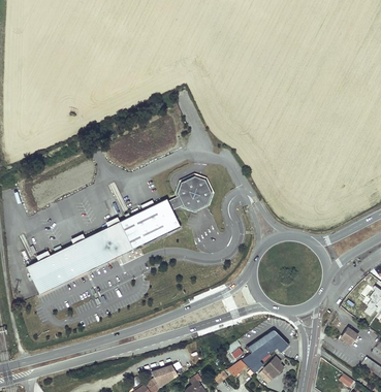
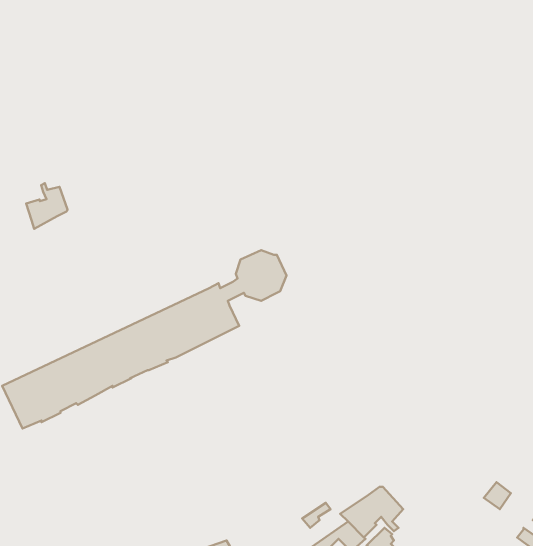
building: none -> [26,183,68,229]

